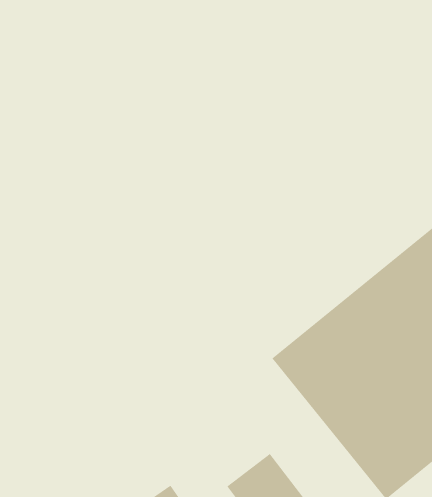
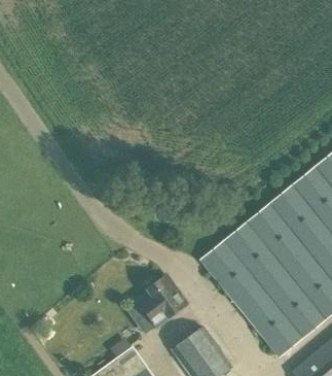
building: none -> [137,274,186,326]

